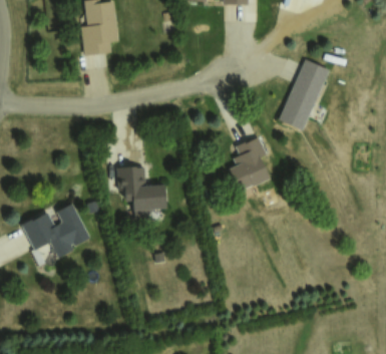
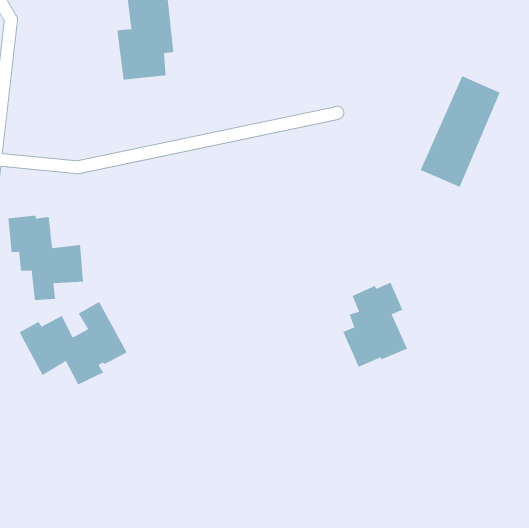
building: [229,135,271,191] -> [343,282,408,367]
building: [117,165,166,221] -> [8,215,84,301]

